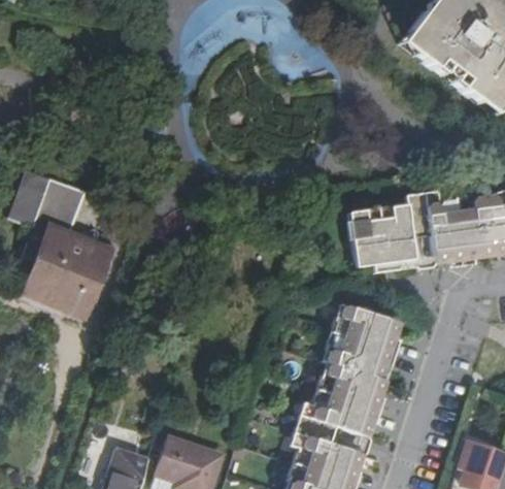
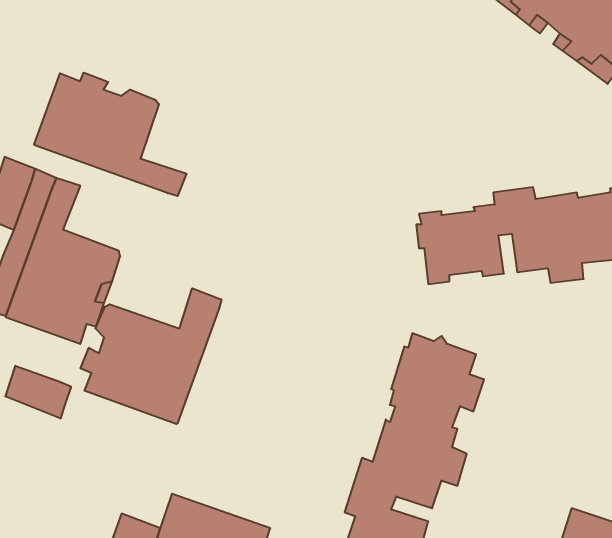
building: none -> [34,73,186,196]
building: none -> [81,288,221,424]
building: none -> [6,366,71,419]

